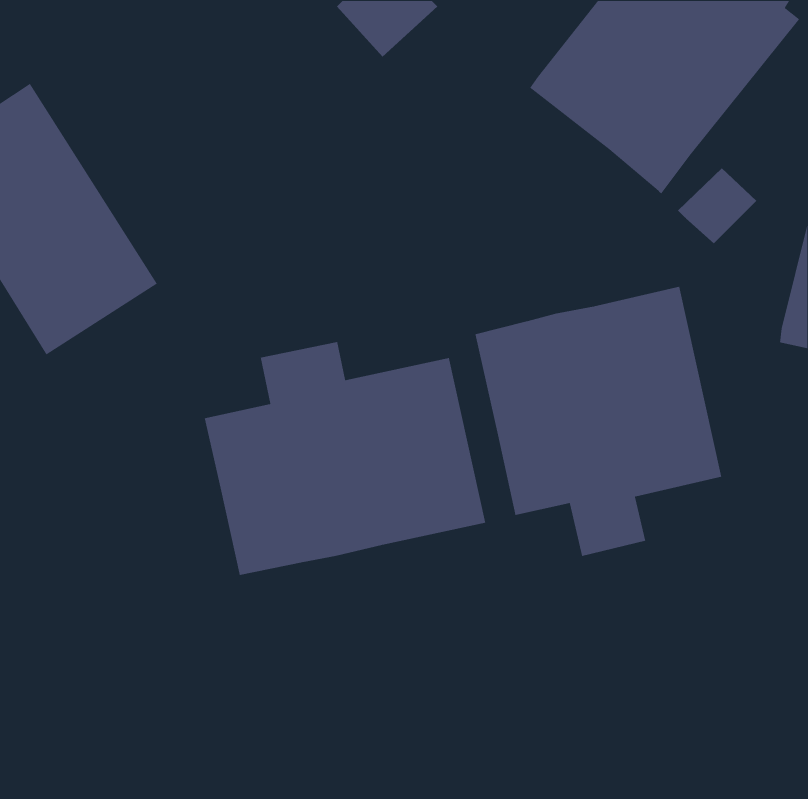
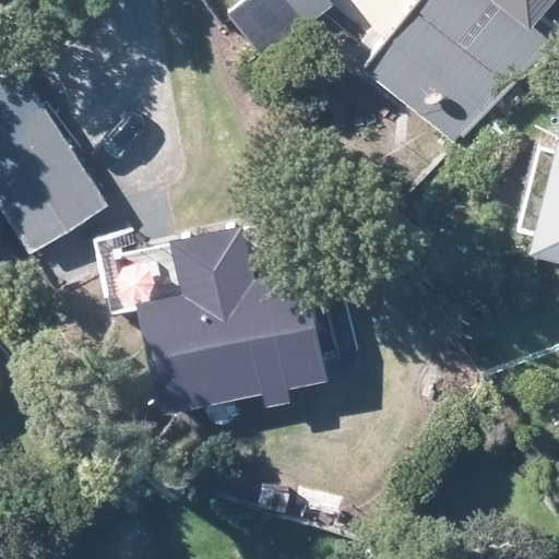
building: [475,286,722,557] -> none

